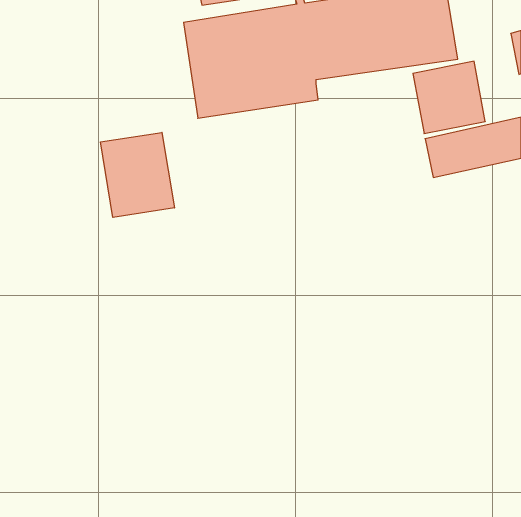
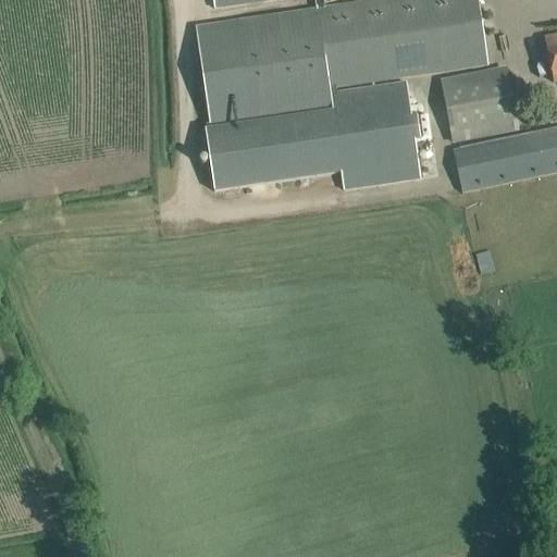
building: none -> [206,78,432,189]
building: [101,132,174,217] -> none

